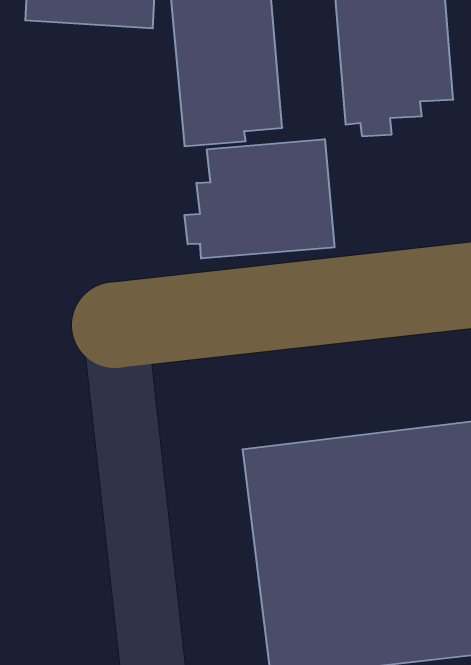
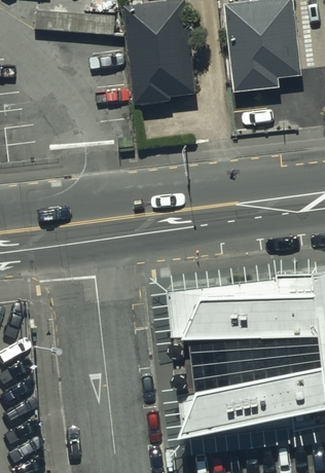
building: [185,139,334,259] -> none

